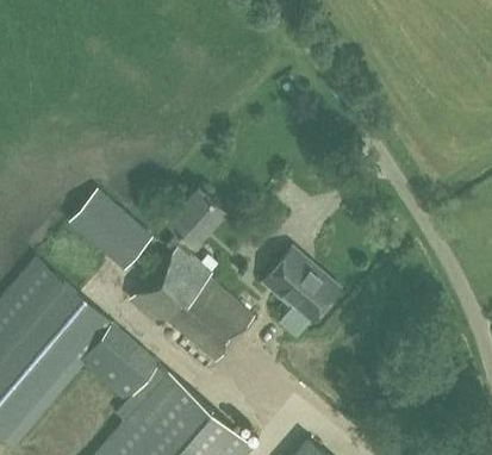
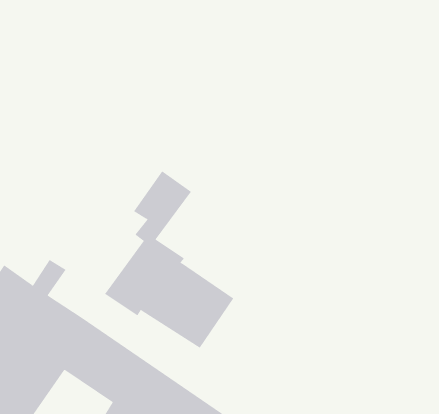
building: [70,191,154,270] -> none
building: [266,254,340,324] -> none

